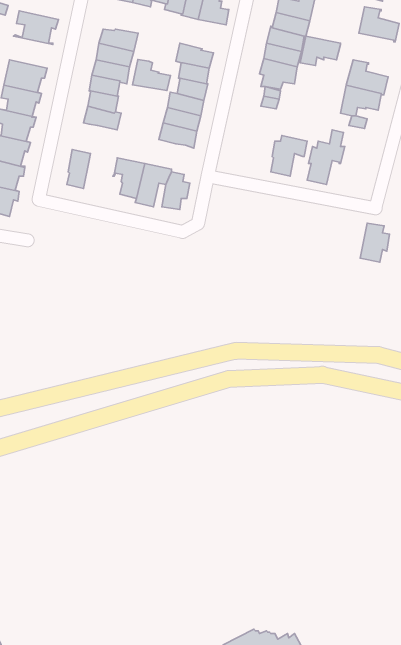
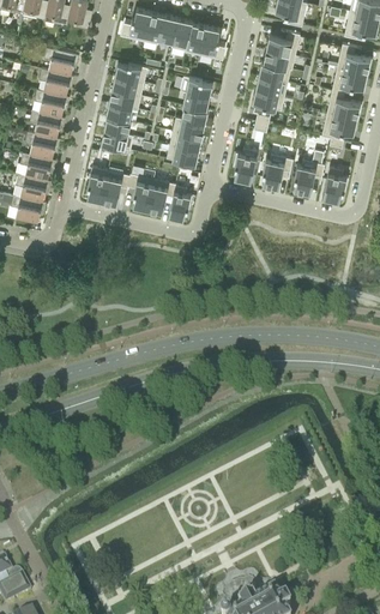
building: none -> [37,70,74,97]
building: [300,36,341,66] -> [332,67,367,92]
building: [133,59,170,91] -> none
building: none -> [233,149,257,181]
building: none -> [99,174,129,205]
building: [360,223,390,262] -> [322,168,348,201]

